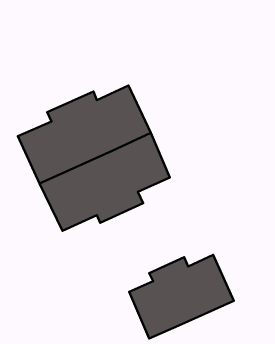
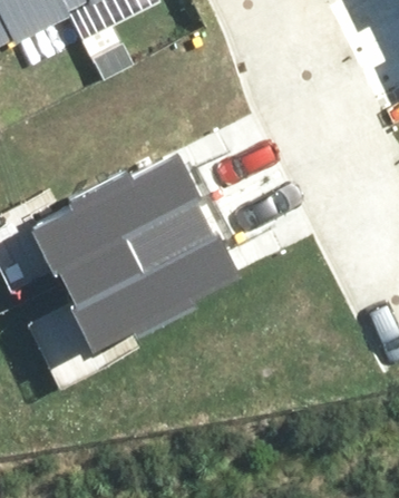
building: [129,255,234,338] -> none

